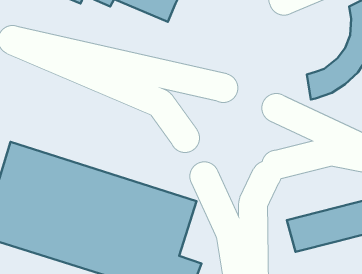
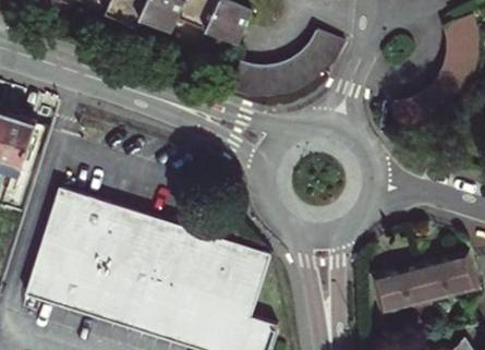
building: none -> [229,35,343,100]

